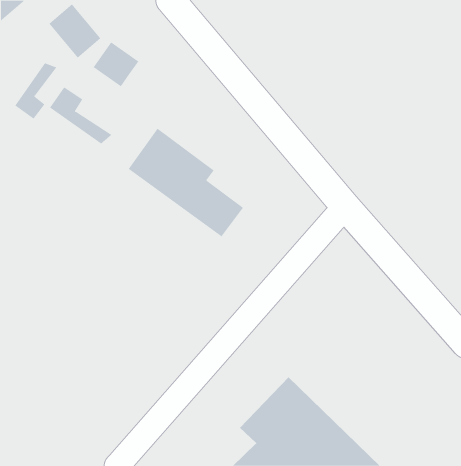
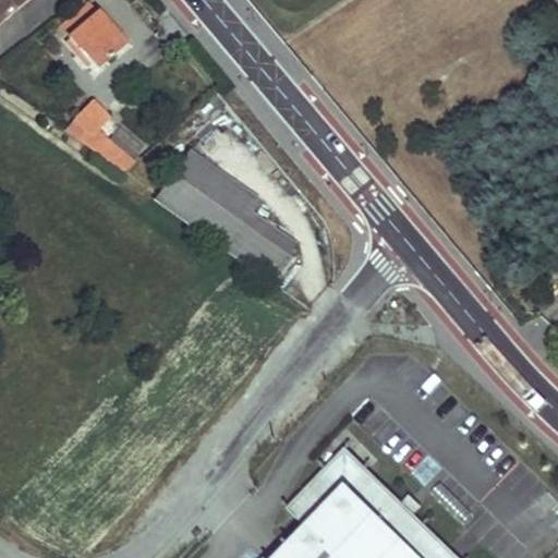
building: [93,42,139,87] -> none
building: [14,63,57,119] -> none

